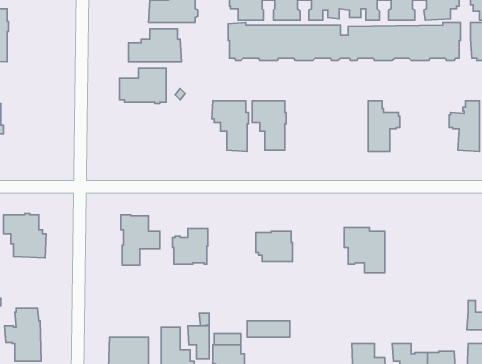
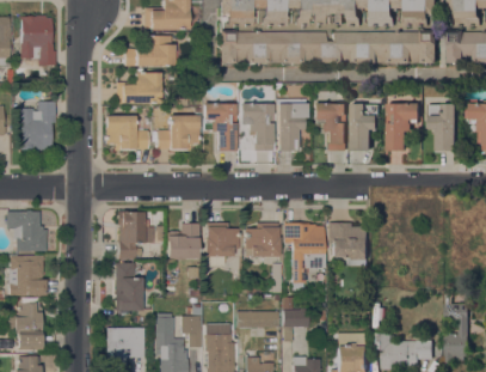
building: none -> [20,14,56,65]
building: none -> [275,98,307,151]
building: none -> [20,100,55,150]
building: none -> [314,103,347,151]
building: none -> [387,103,420,150]
building: none -> [105,115,148,150]
building: none -> [155,115,198,150]
building: none -> [204,221,239,266]
building: none -> [284,221,325,289]
building: none -> [8,255,45,295]
building: none -> [115,262,141,310]
building: none -> [283,310,308,341]

